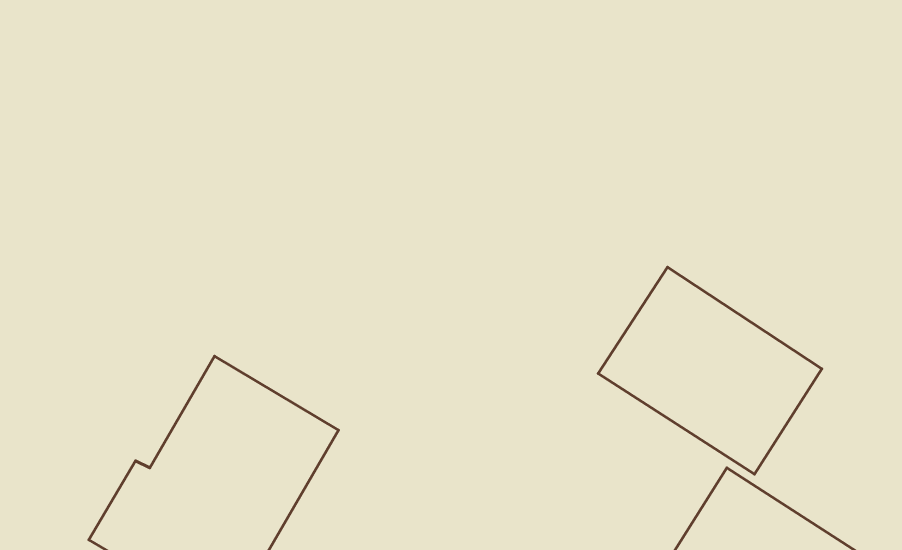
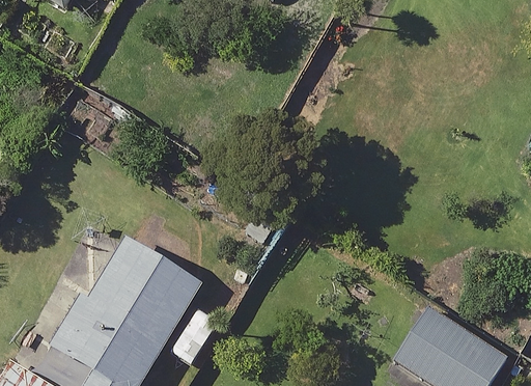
building: [598,267,822,474] -> none

